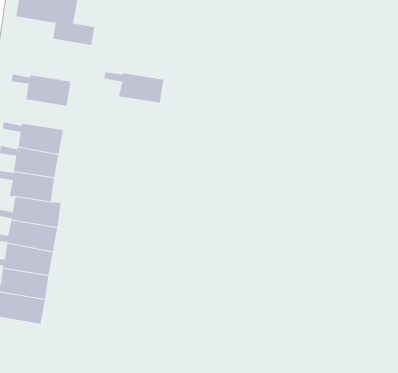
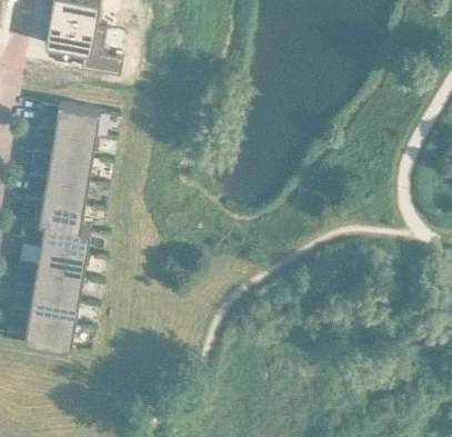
building: [103,72,164,103] -> [37,126,97,157]

